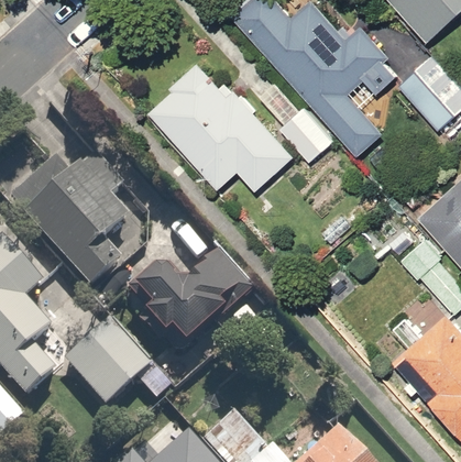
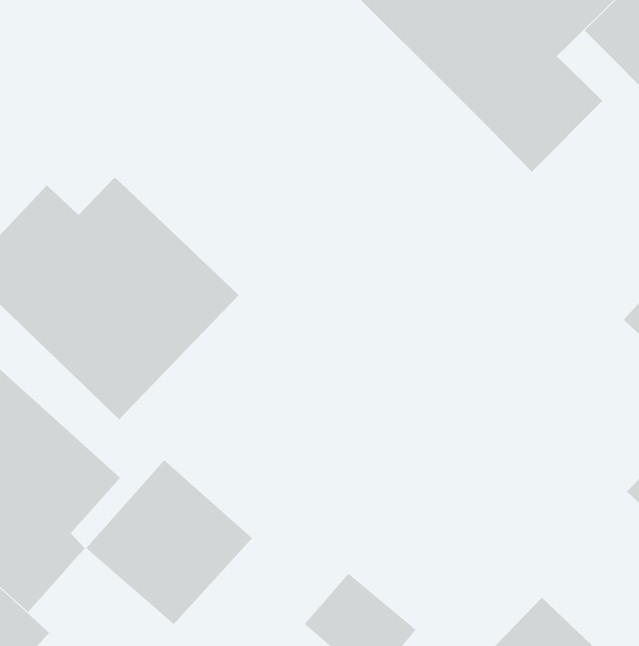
building: [151,59,328,193] -> none
building: [118,255,252,366] -> none

